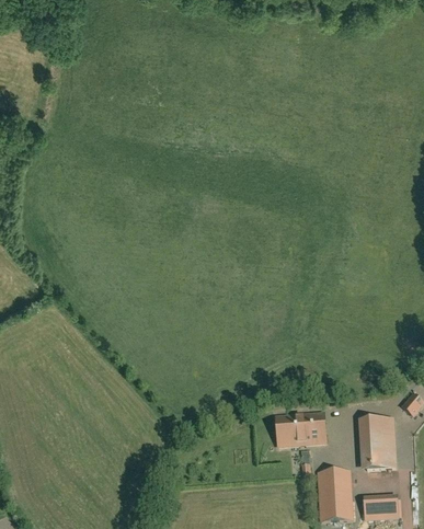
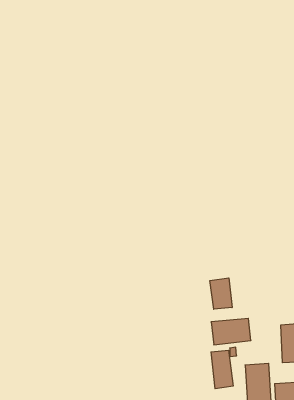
building: none -> [210,278,232,309]
building: none -> [211,350,233,389]

